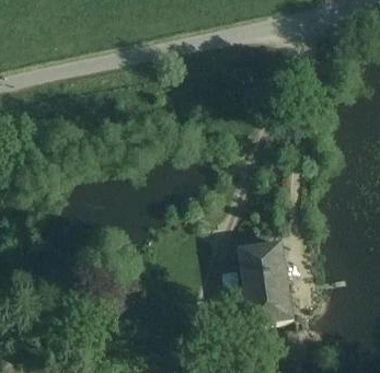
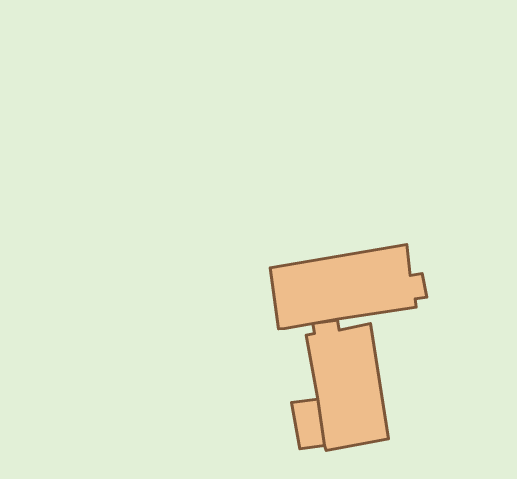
building: none -> [270,245,427,329]

